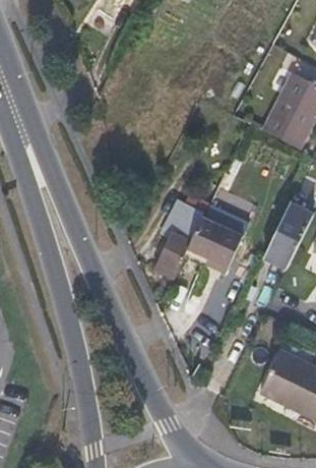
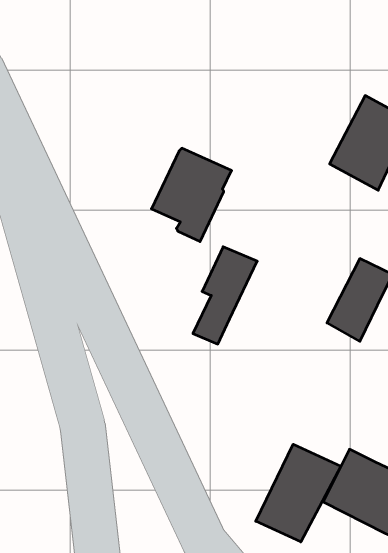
building: [186,201,248,274] -> [151,148,232,242]
building: none -> [256,444,341,542]

